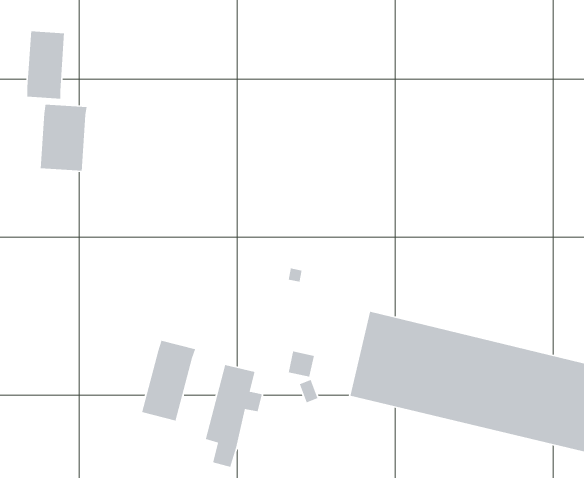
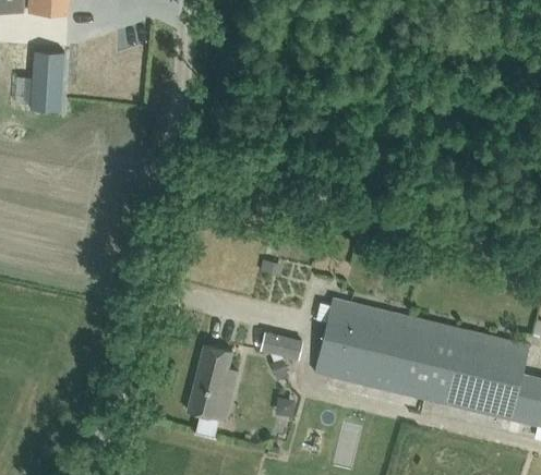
building: [40,104,87,171] -> none
building: [141,340,196,421] -> none

